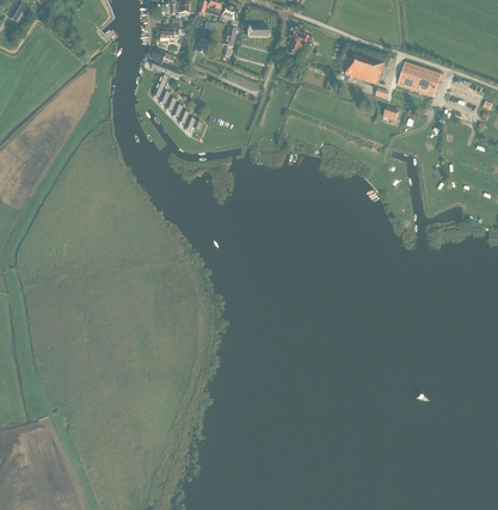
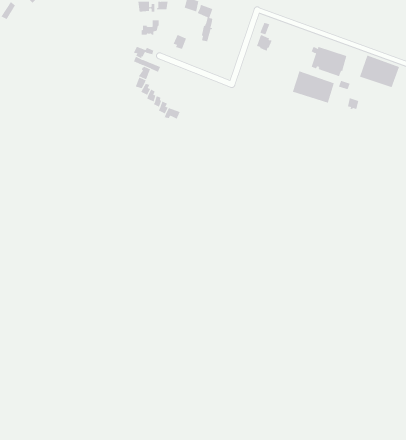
building: none -> [292,70,335,104]

